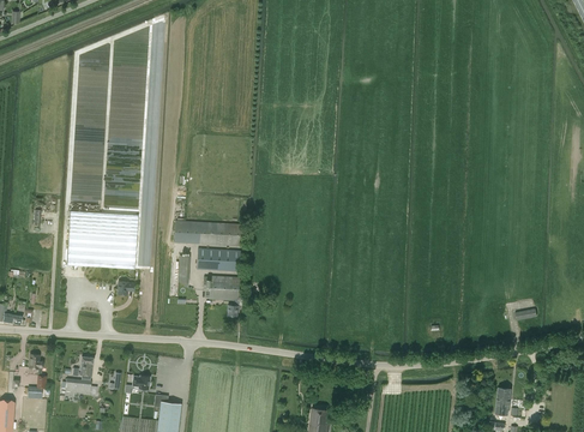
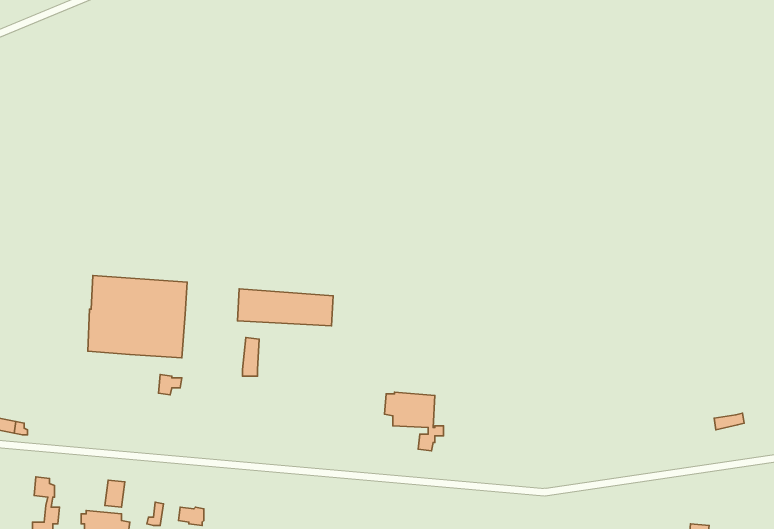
building: [197,248,240,271] -> none
building: [203,275,245,317] -> [385,392,443,451]

